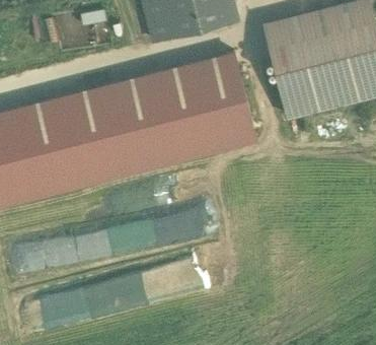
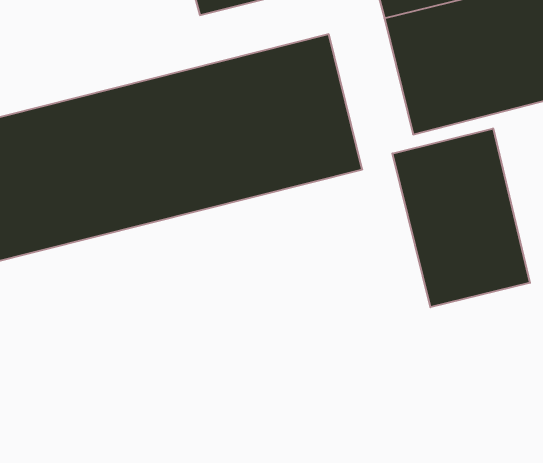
building: none -> [392,128,530,307]

